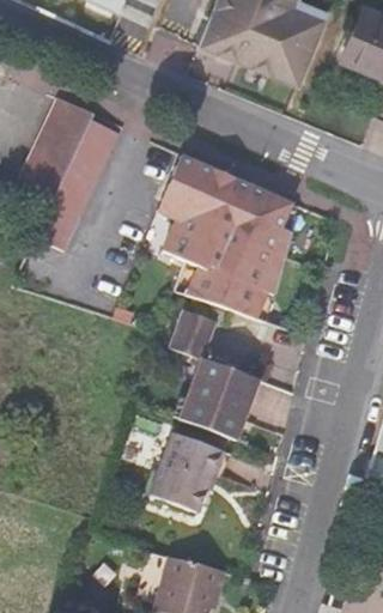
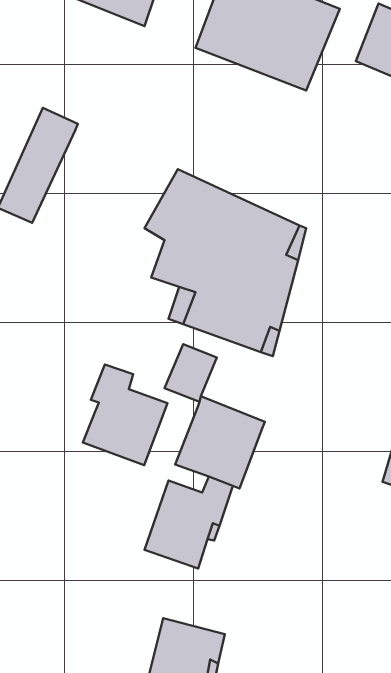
building: [35,120,118,251] -> none
building: none -> [83,364,167,465]

